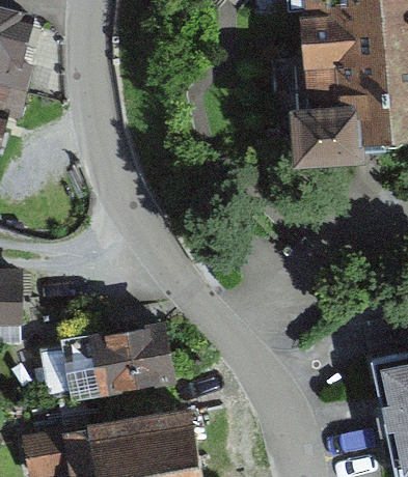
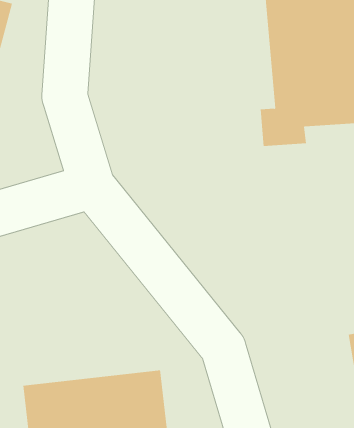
building: [53,328,162,400] -> none

